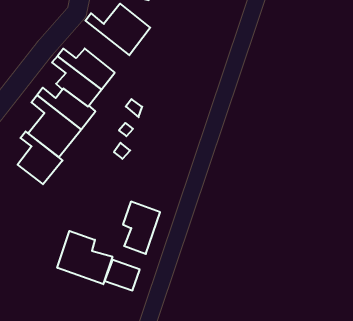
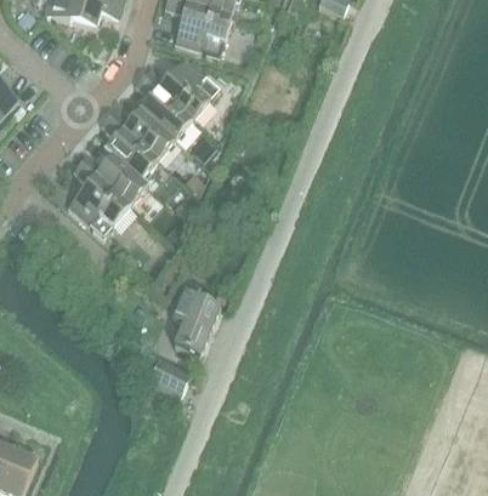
building: none -> [135,76,192,139]
building: [18,131,63,184] -> none
building: [57,231,112,284] -> none

